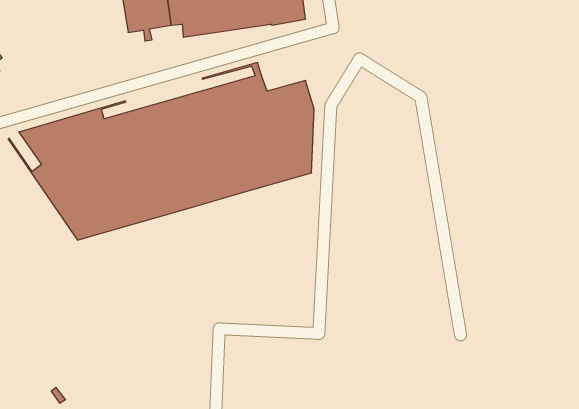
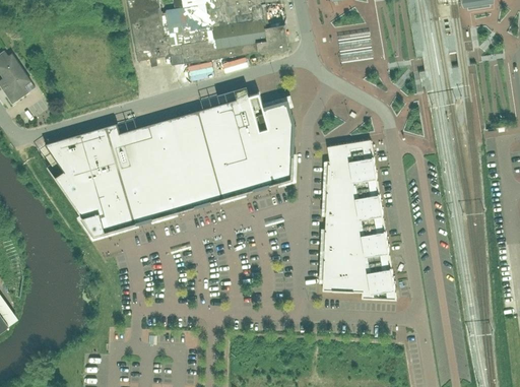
building: none -> [322,138,396,299]

